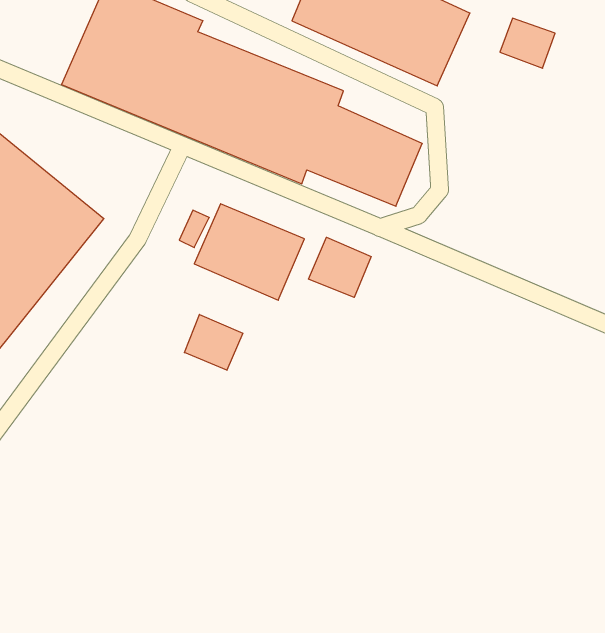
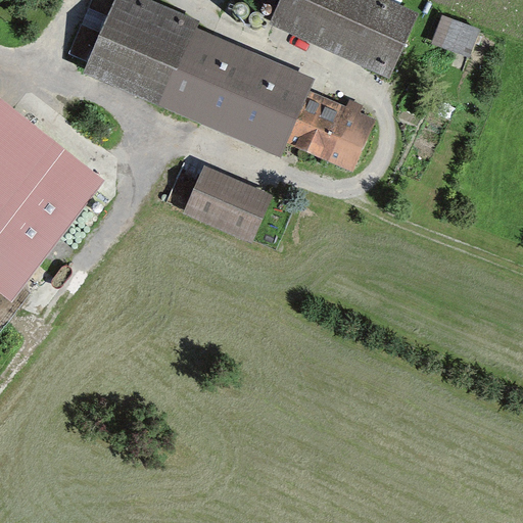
building: [308,237,371,297] -> none
building: [184,314,243,370] -> none

